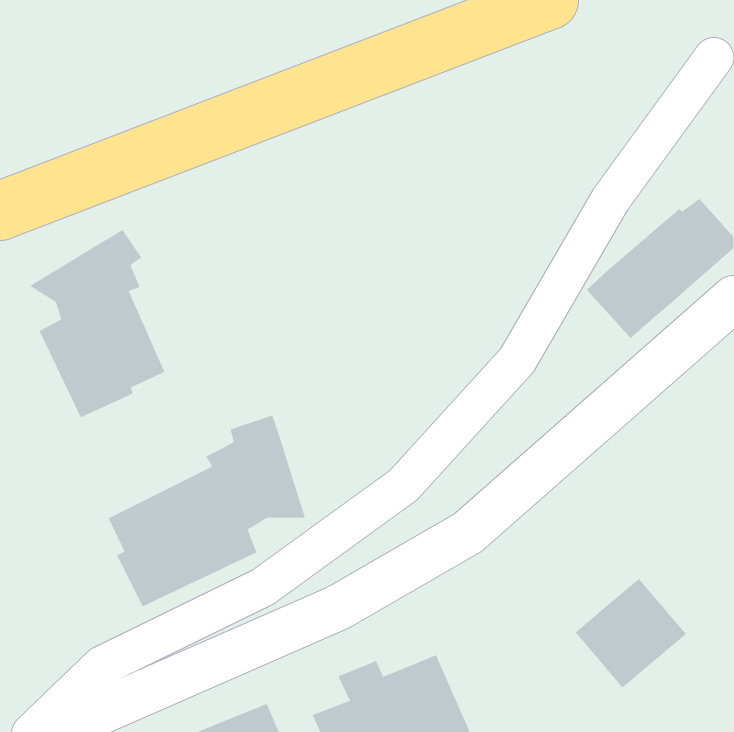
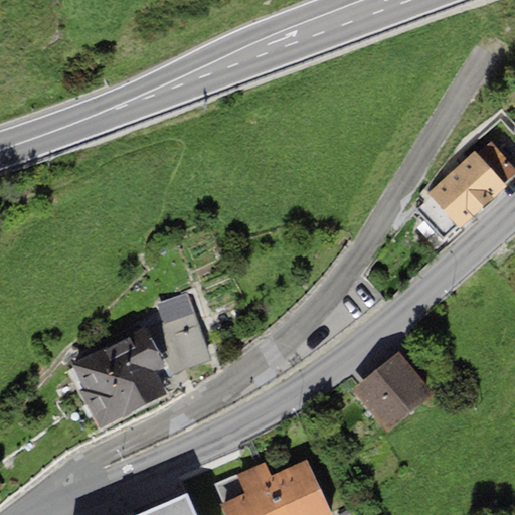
building: [29,229,165,418] -> none
building: [575,578,687,689] -> [352,352,431,430]

